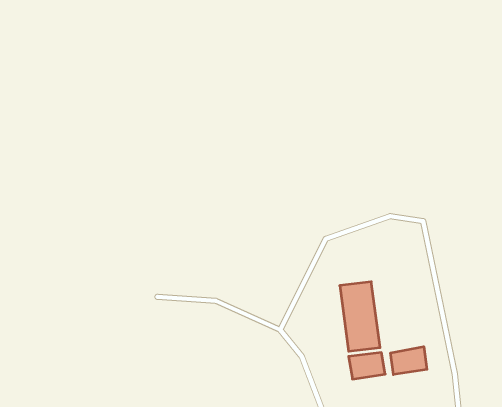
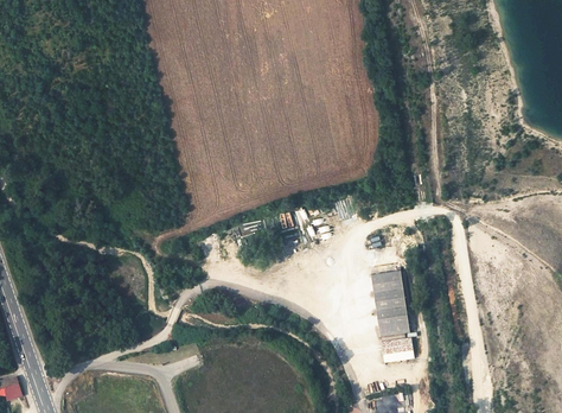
building: [391,347,427,375] -> none

